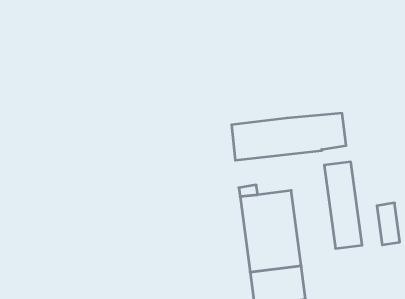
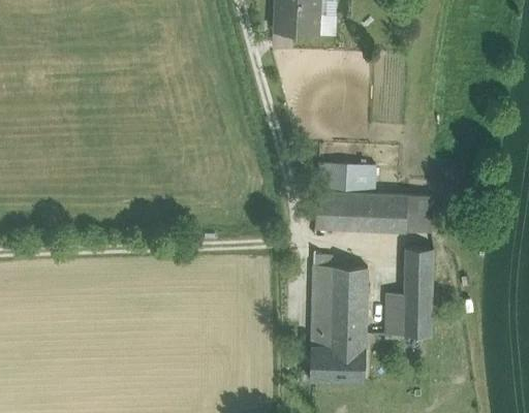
building: none -> [317,163,376,193]
building: [377,203,400,245] -> [385,294,405,336]

